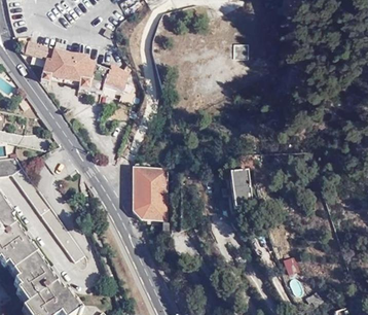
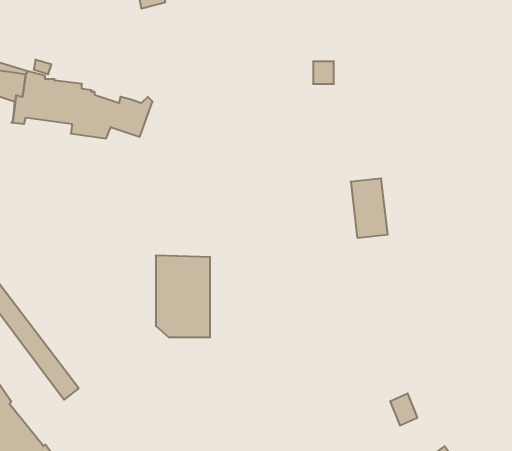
building: [229,171,253,209] -> [351,178,388,238]

